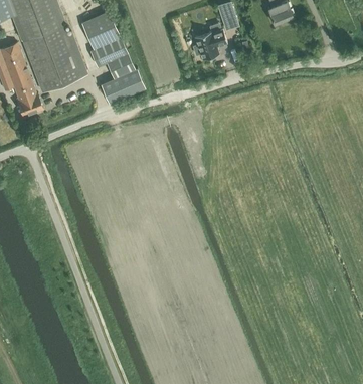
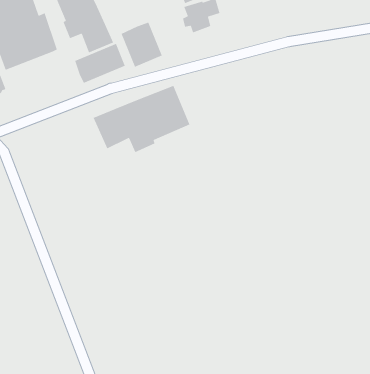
building: none -> [120,21,163,68]
building: none -> [93,85,190,153]

